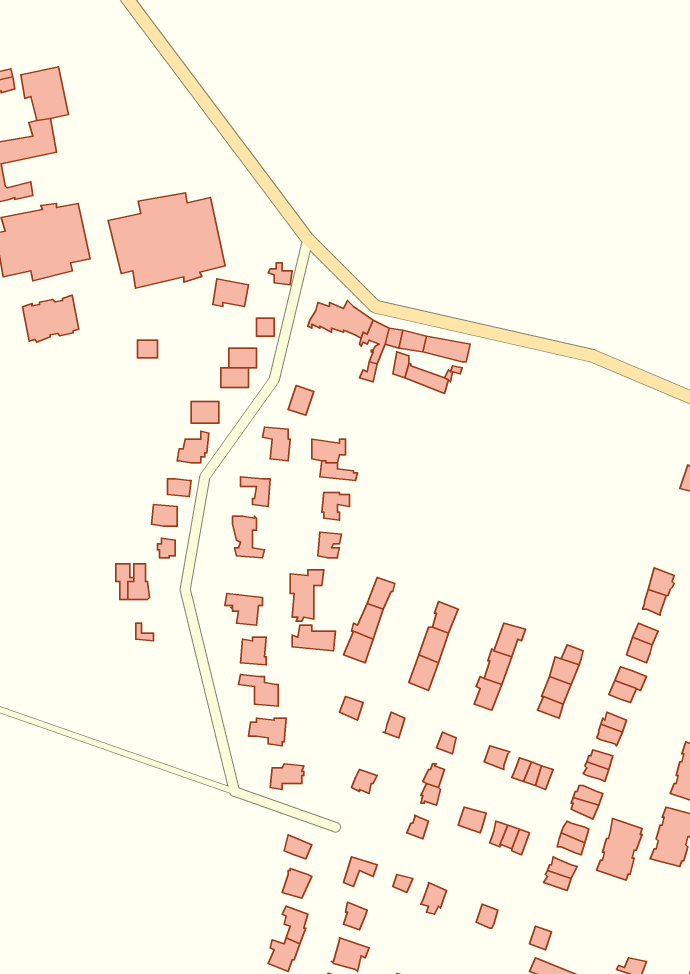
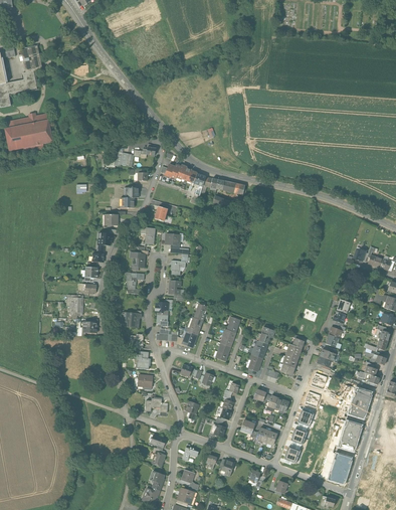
building: [108,193,225,288] -> none
building: [22,295,79,342] -> none
building: [597,819,642,880] -> [328,453,351,484]

